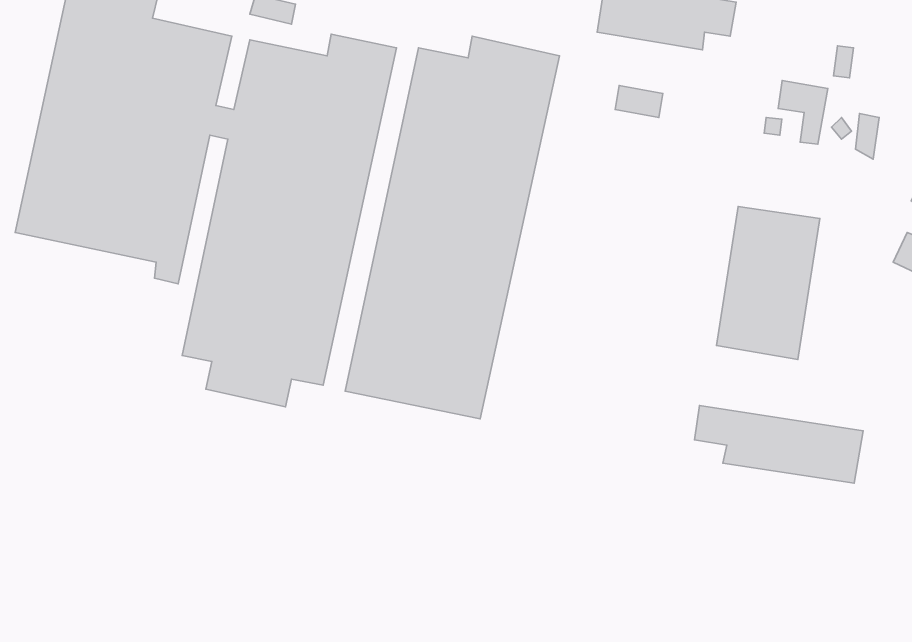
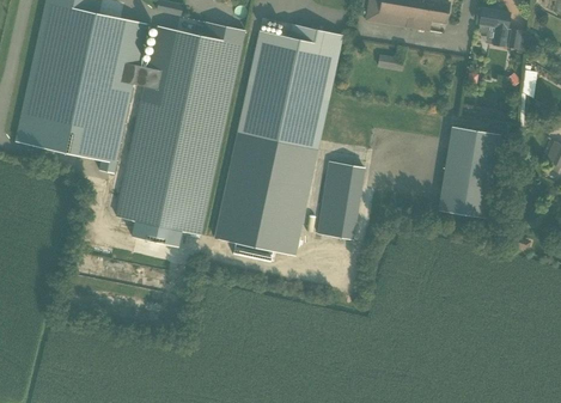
building: [778,81,828,144] -> [480,7,510,45]
building: none -> [317,160,364,239]
building: [695,405,863,483] -> none

